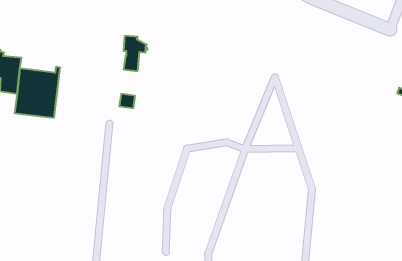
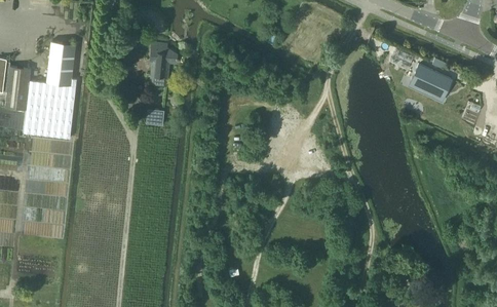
building: none -> [46,42,76,86]
building: none -> [409,66,450,99]

